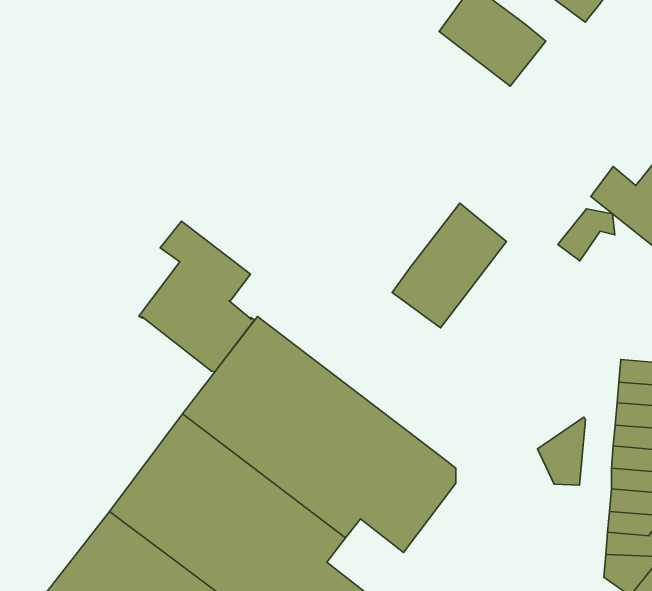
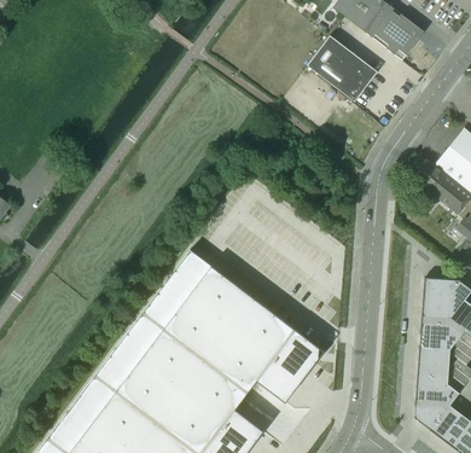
building: [392,203,507,328] -> none
building: [558,209,615,261] -> none
building: [139,221,255,372] -> none
building: [537,417,586,485] -> none

